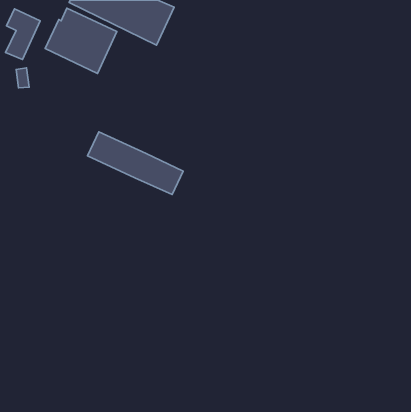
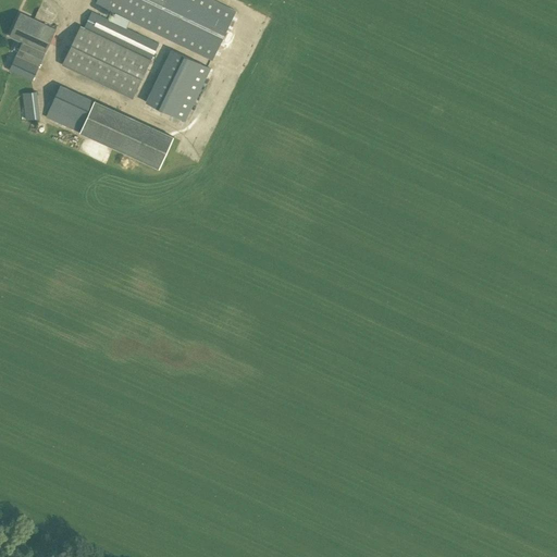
building: none -> [145,48,210,122]
building: [87,132,183,195] -> [44,84,173,169]

